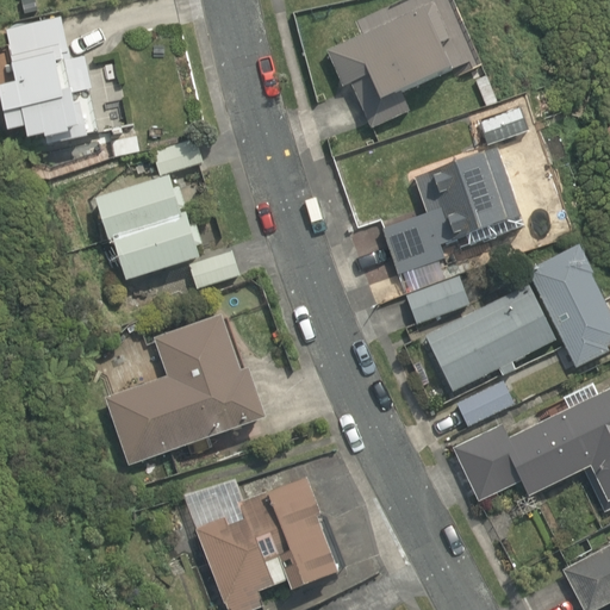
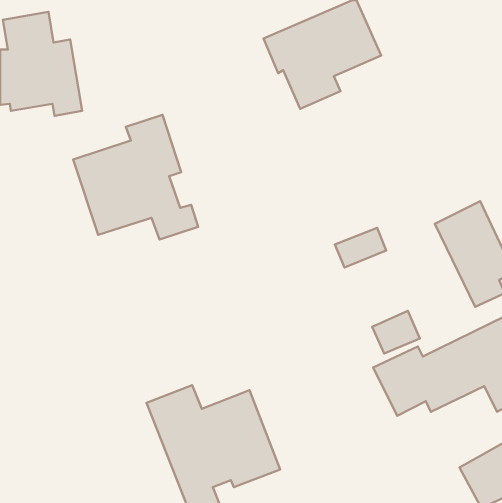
building: [384,110,533,279] -> none
building: [421,284,554,393] -> none
building: [101,304,264,468] -> none

